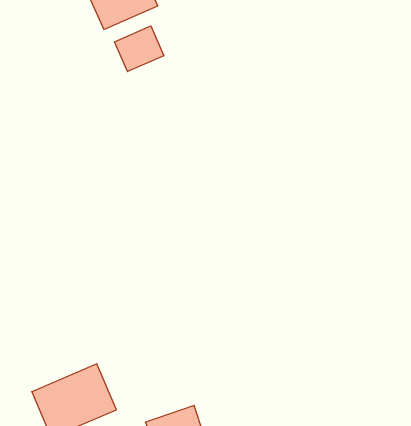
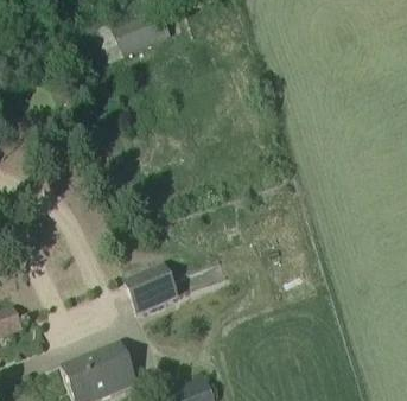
building: [114,26,164,72] -> none
building: none -> [127,265,179,311]

